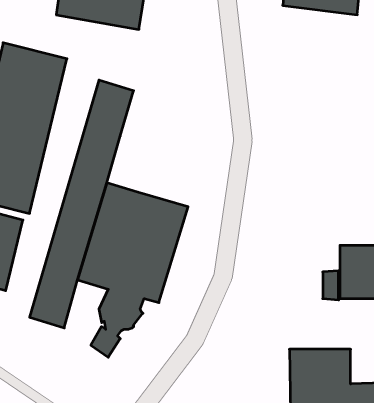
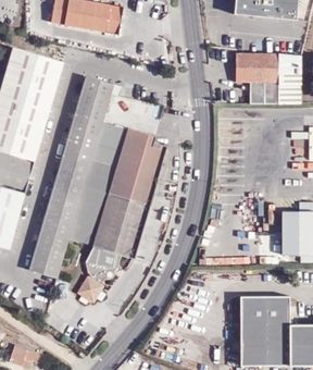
building: none -> [236,53,301,104]
building: none -> [91,122,167,180]

